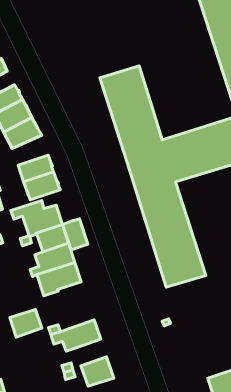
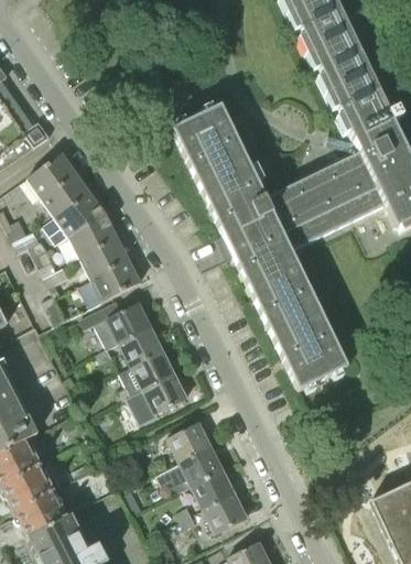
building: none -> [71,213,119,257]
building: [63,219,88,250] -> none
building: [10,310,42,337] -> [166,422,210,462]
building: none -> [191,469,234,508]

